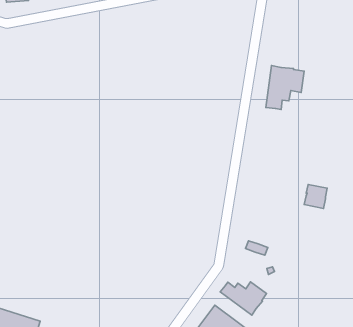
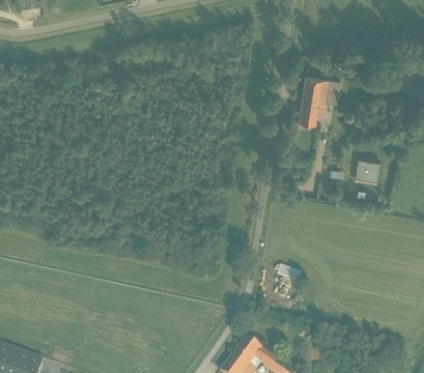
building: [304,184,327,208] -> [354,157,378,183]
building: [220,282,266,315] -> none

